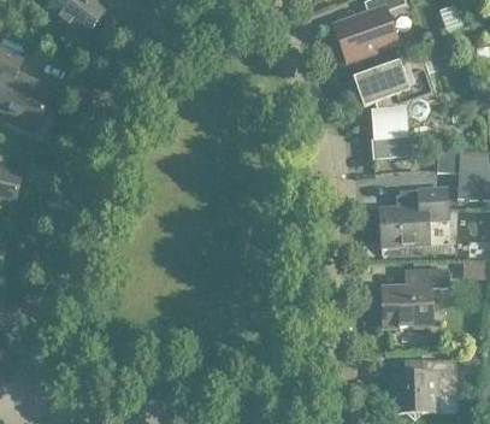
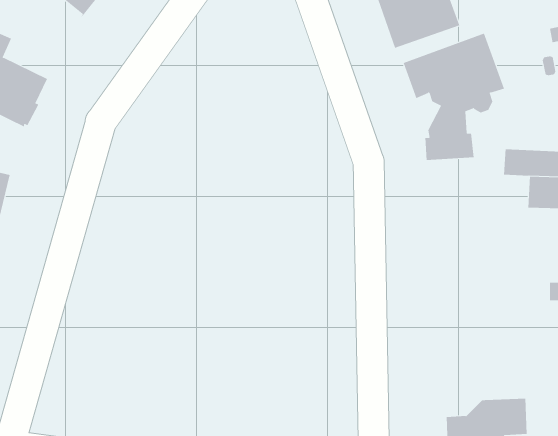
building: [376,187,449,253] -> none
building: [382,267,449,325] -> none

